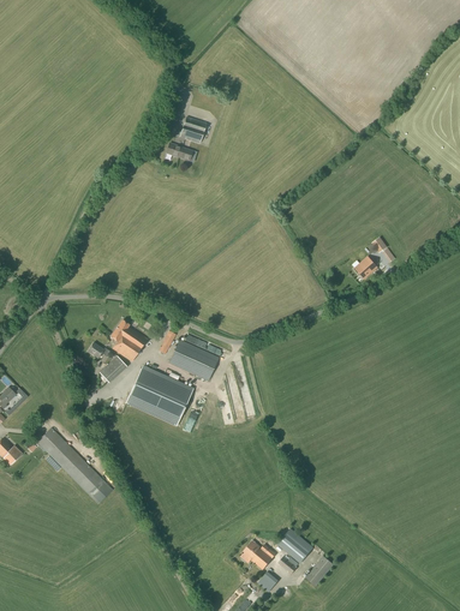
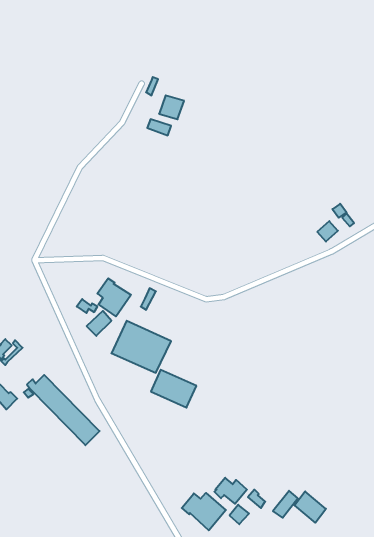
building: [168,339,219,381] -> [151,370,196,408]
building: [277,528,312,563] -> [294,491,326,523]
building: none -> [182,493,226,530]

